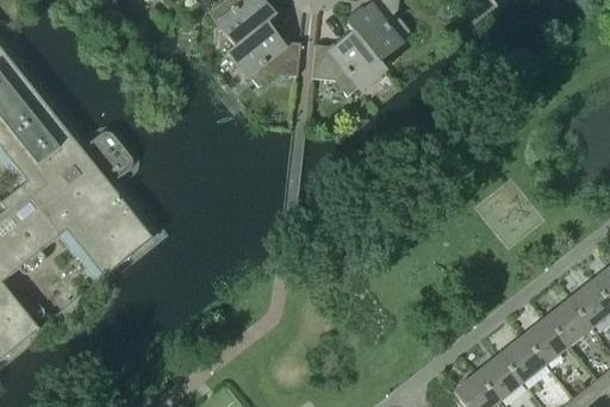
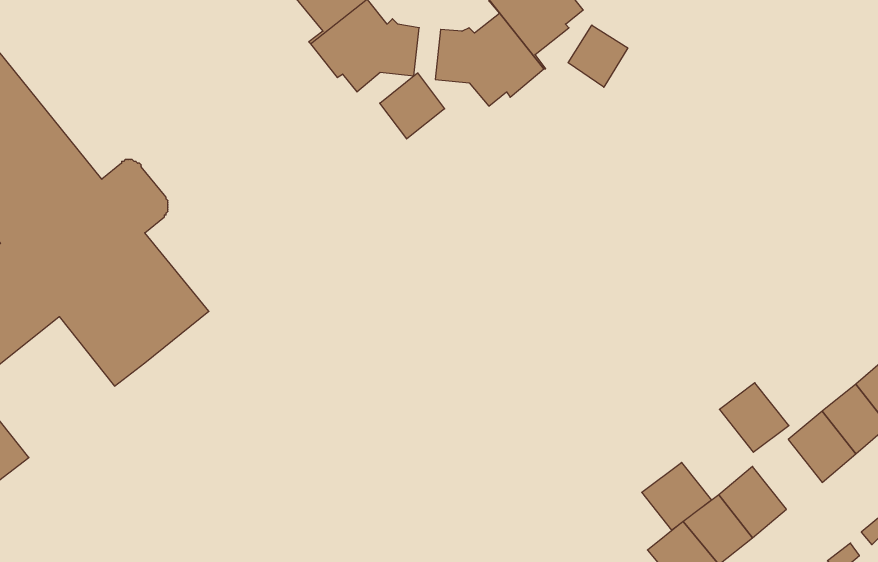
building: none -> [568,25,628,87]
building: none -> [380,73,445,139]
building: [523,318,569,364] -> [719,383,789,452]
building: none -> [642,462,711,530]

